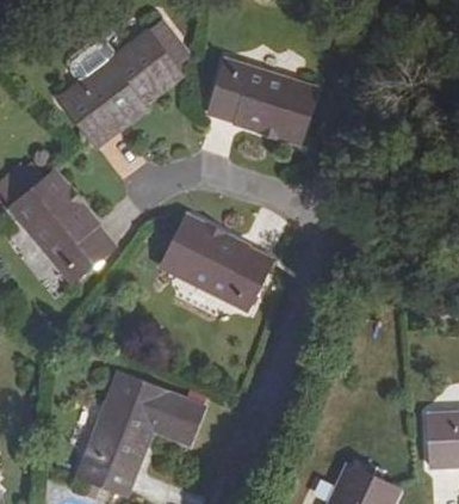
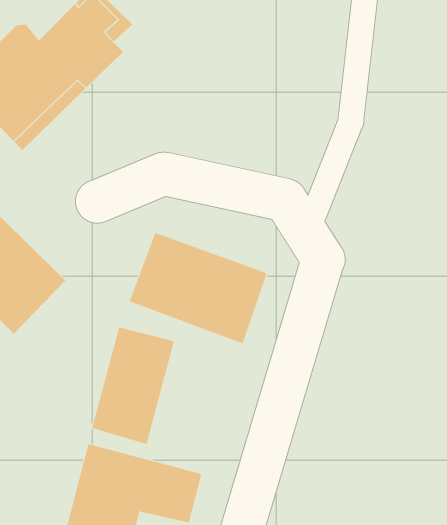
building: [207,60,315,143] -> none
building: none -> [91,327,174,445]

